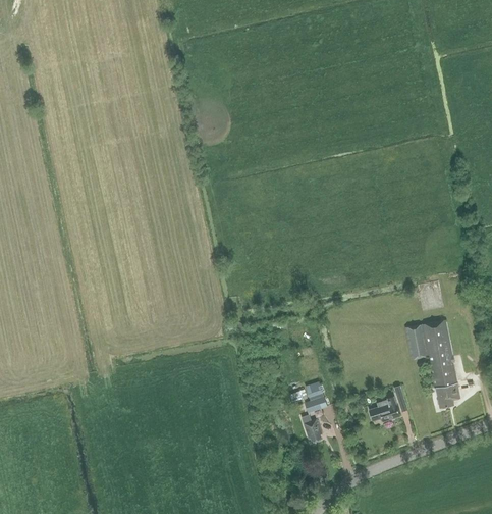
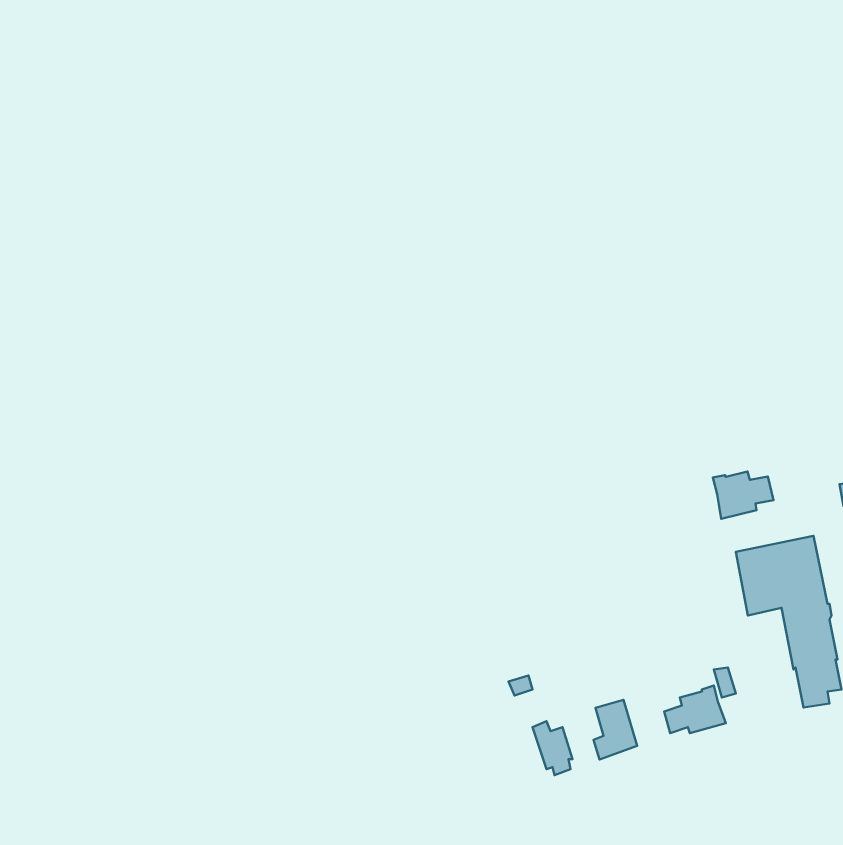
building: none -> [713,472,774,519]
building: [305,382,327,413] -> [593,700,637,760]

